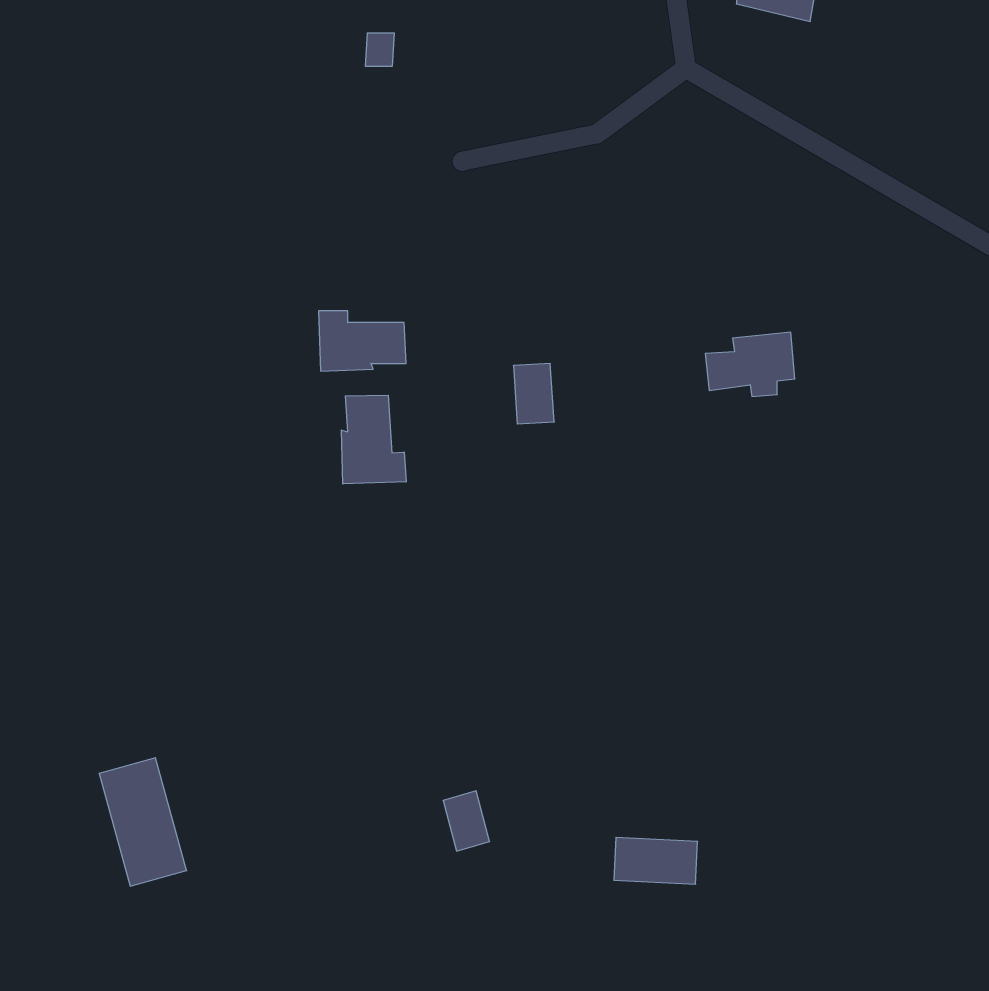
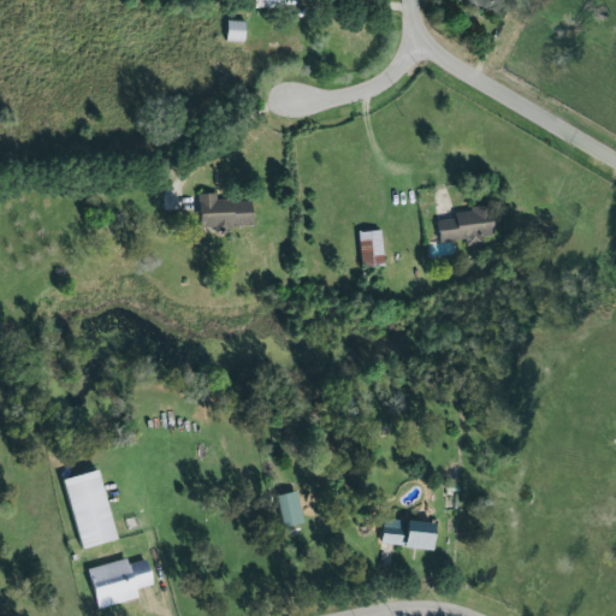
building: [513,364,554,424] -> [360,230,385,267]
building: [341,395,406,484] -> none
building: none -> [89,558,154,608]

